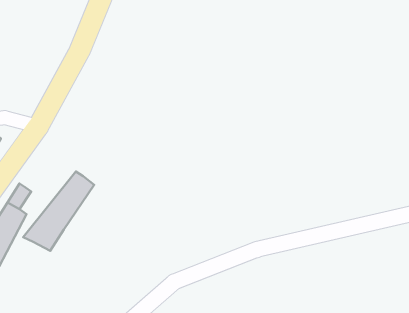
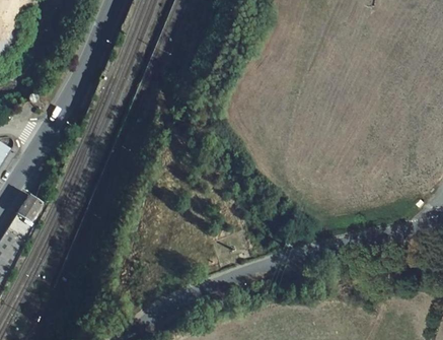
building: [23,172,94,251] -> none

